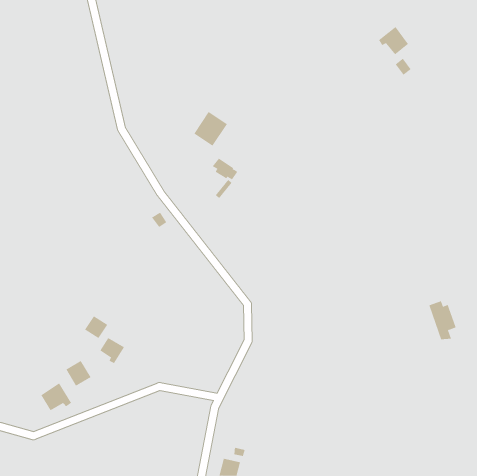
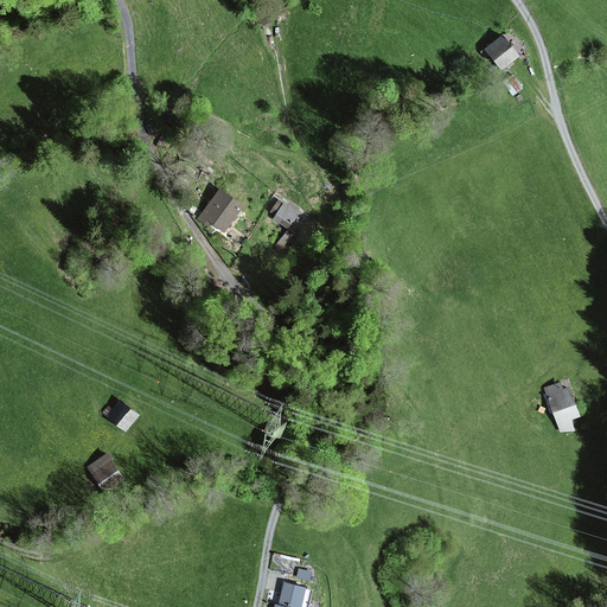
building: [193,111,228,147] -> [199,187,243,232]
building: [100,337,125,364] -> none
building: [41,383,72,411] -> none

